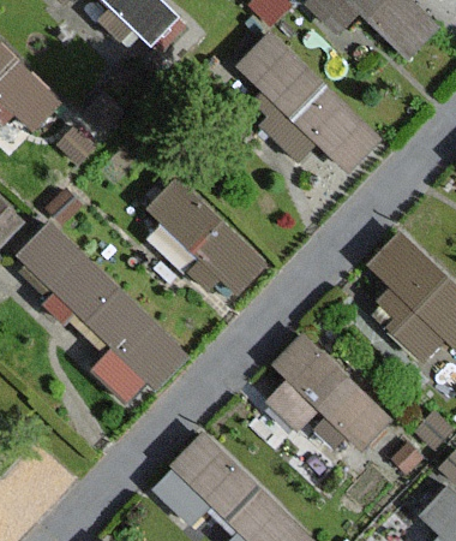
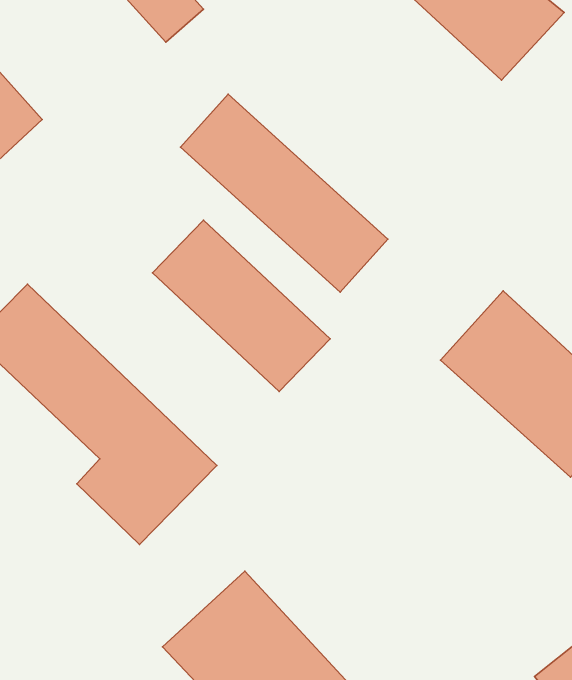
building: [232,30,383,174] -> [180,94,388,292]
building: [256,339,391,452] -> none

